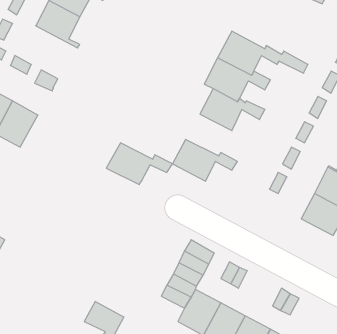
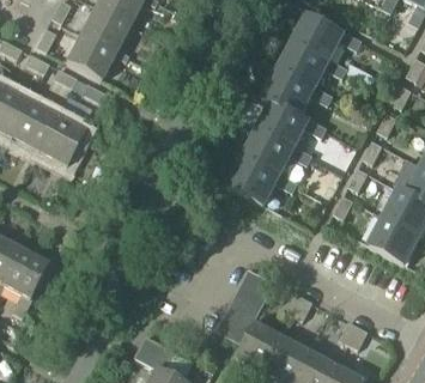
building: none -> [293,12,362,59]
building: none -> [65,34,126,80]
building: [106,143,172,185] -> [243,129,315,175]

